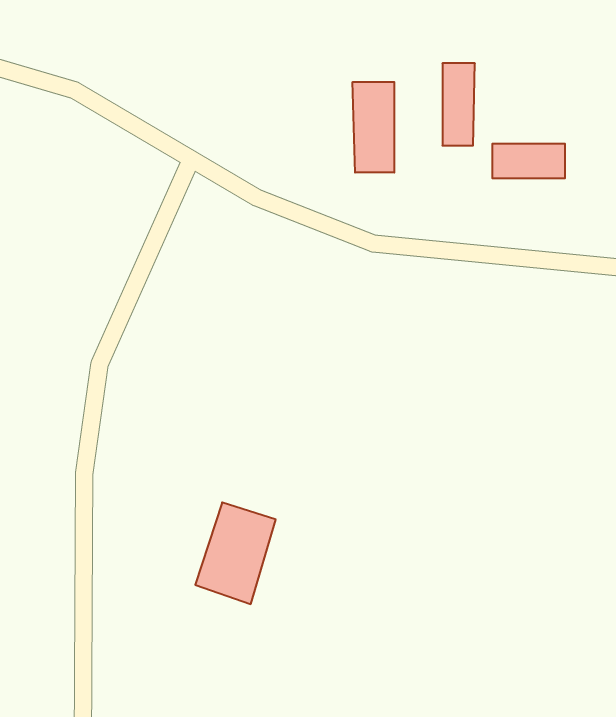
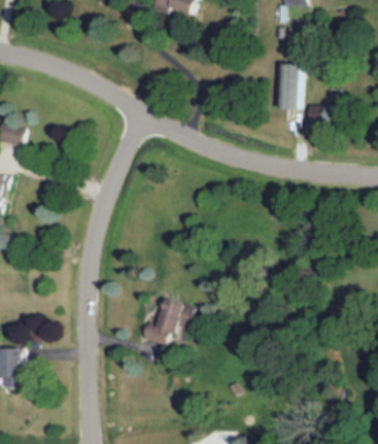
building: [353,82,394,173] -> none

